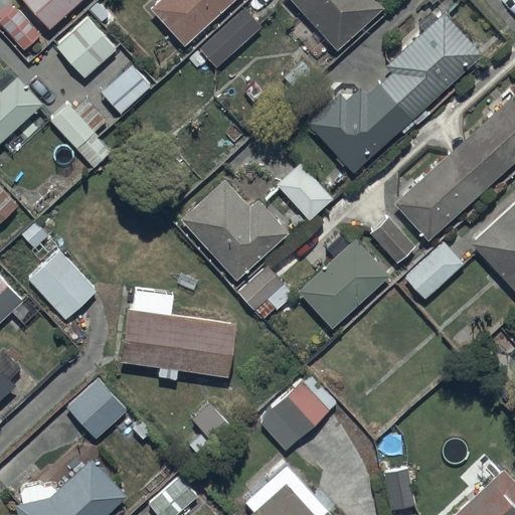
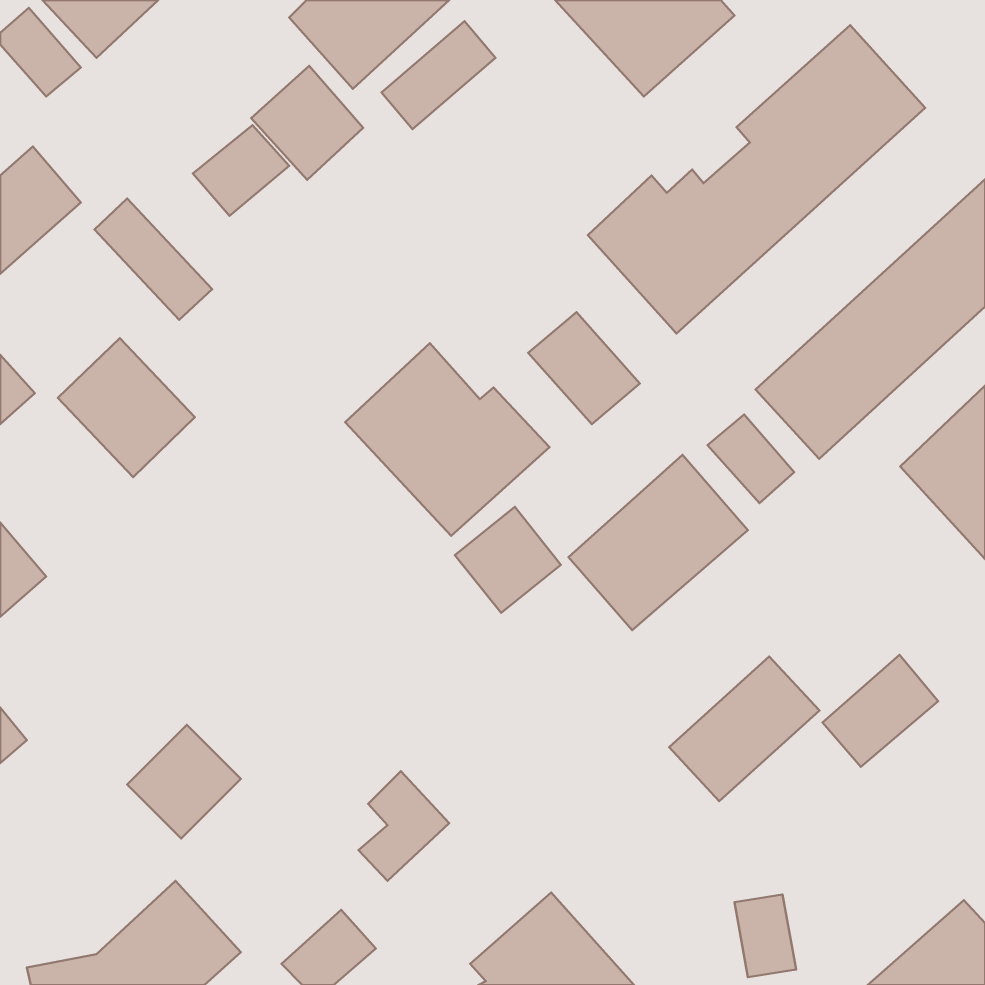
building: [56,19,115,78] -> [251,66,363,180]
building: [403,241,464,300] -> [822,655,938,767]
building: [26,247,98,320] -> [58,338,195,477]
building: [120,287,235,379] -> none
building: [259,374,337,450] -> [669,657,819,801]

